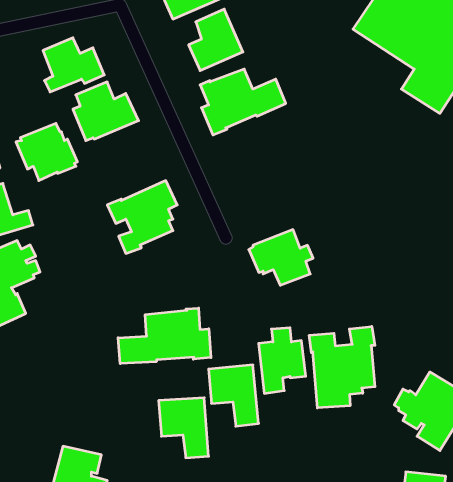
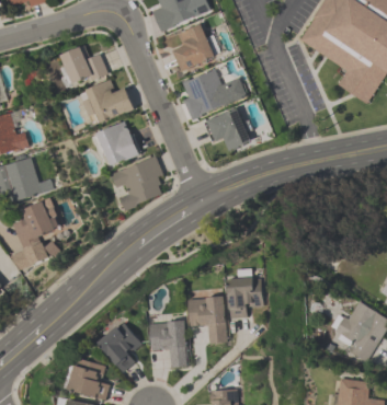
building: [16,123,77,181] -> [94,121,141,165]
building: [249,230,313,285] -> [204,107,253,150]
building: [118,308,211,364] -> none
building: [309,326,375,408] -> none
building: none -> [98,322,143,371]

